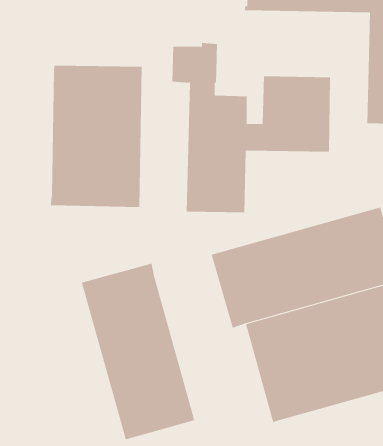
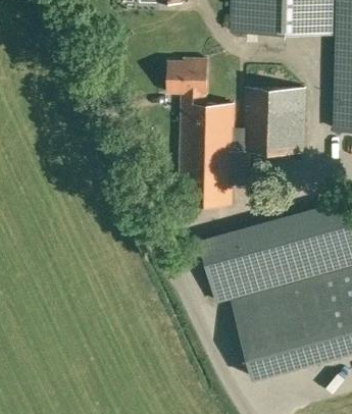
building: [50,65,142,208] -> none
building: [81,263,195,440] -> none

